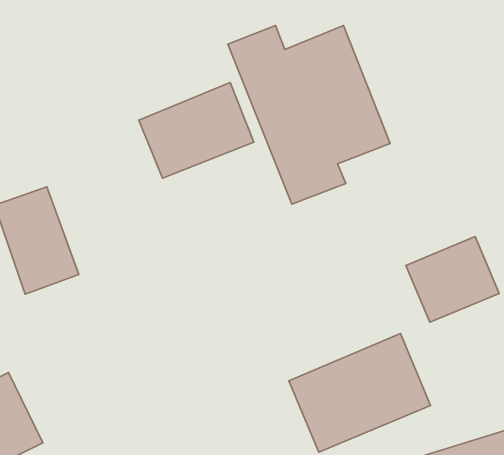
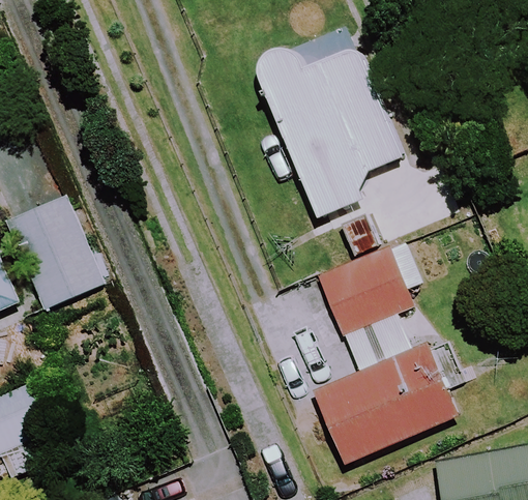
building: [139,82,254,178] -> none
building: [406,237,499,322] -> [316,249,409,335]

